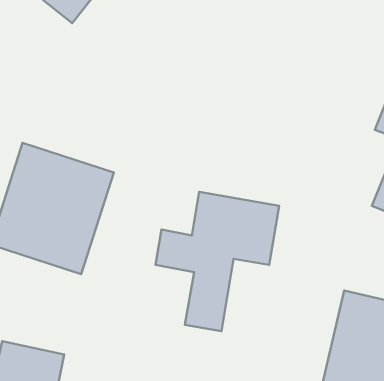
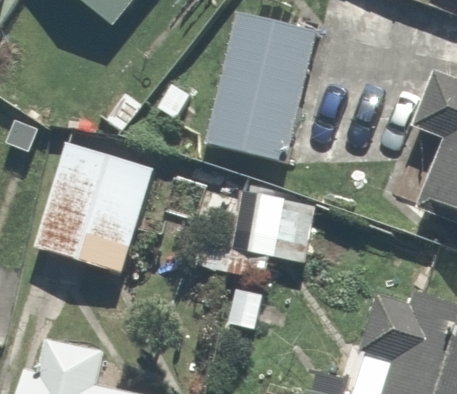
building: none -> [205,10,309,157]

